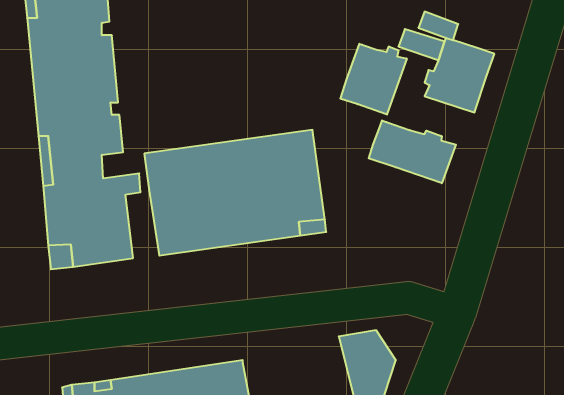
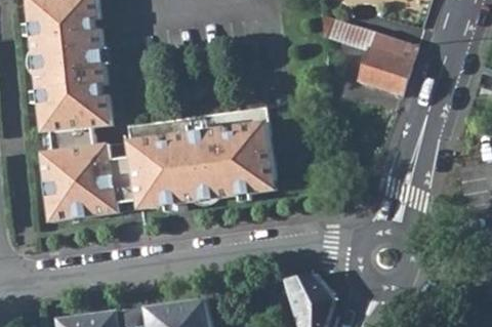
building: [340,44,407,115] -> none
building: [369,120,456,183] -> none
building: none -> [111,158,138,213]

